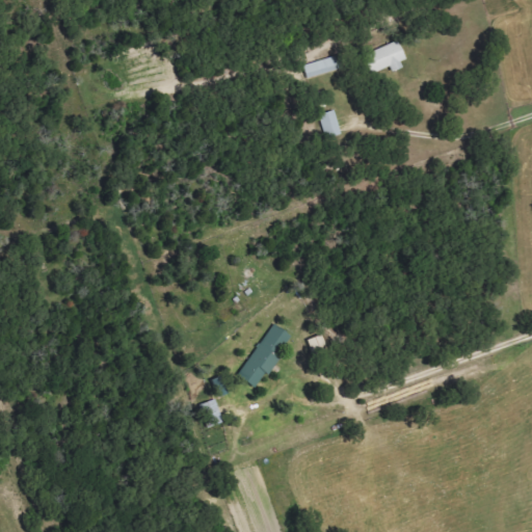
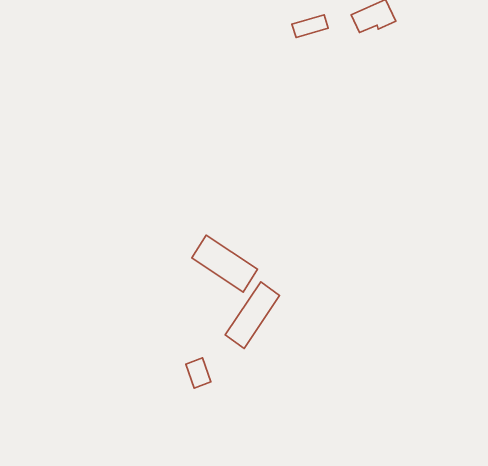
building: [319,109,342,138] -> none
building: none -> [192,235,258,292]

